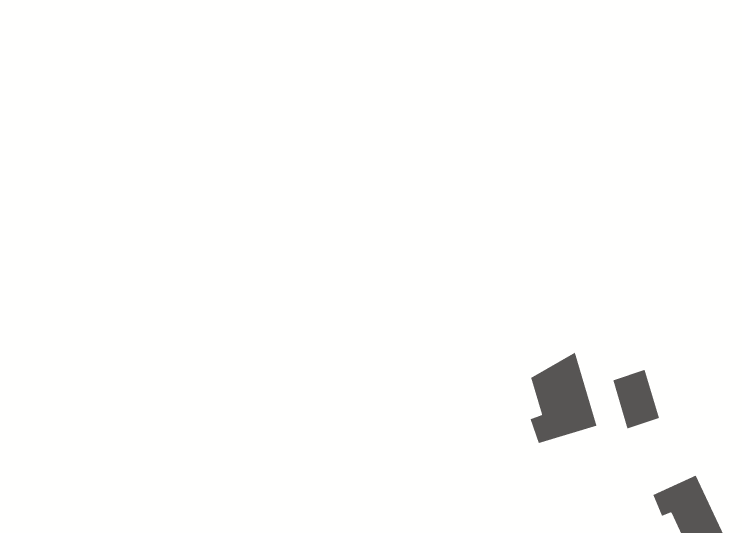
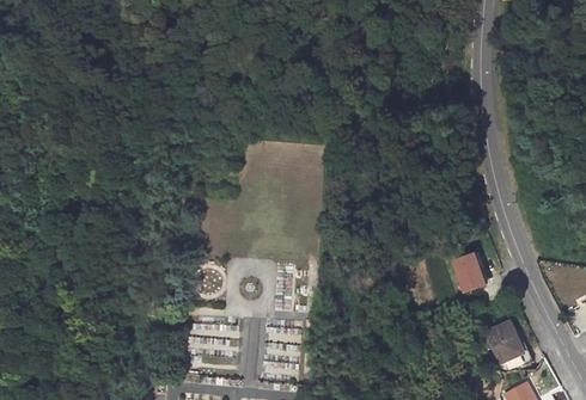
building: [530,352,597,444] -> none

